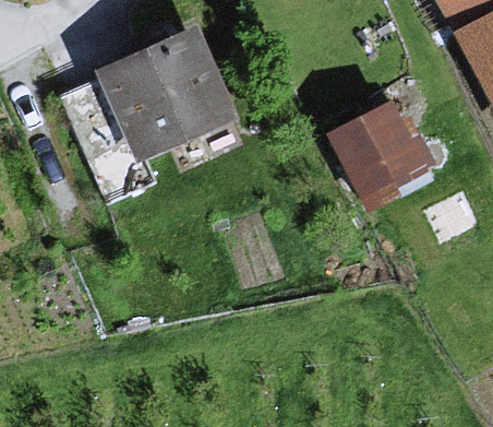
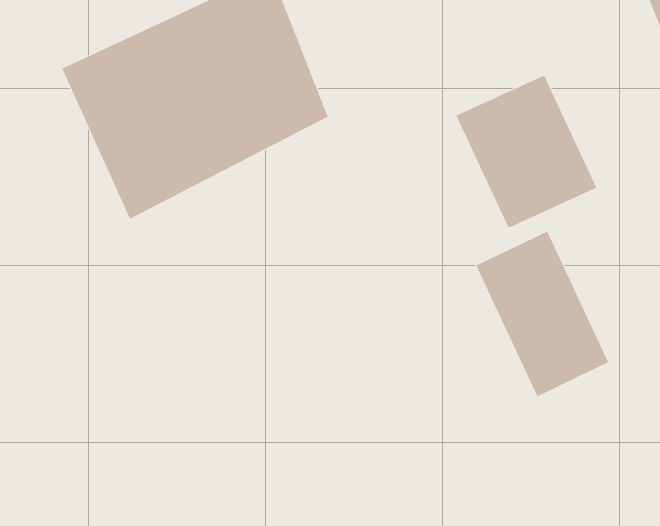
building: none -> [476,231,609,397]

